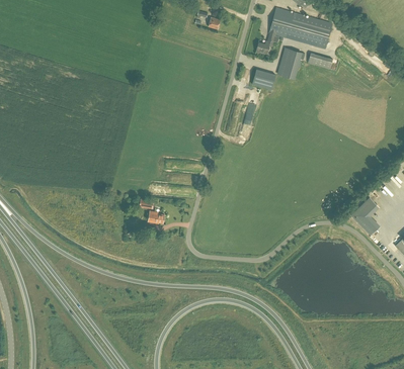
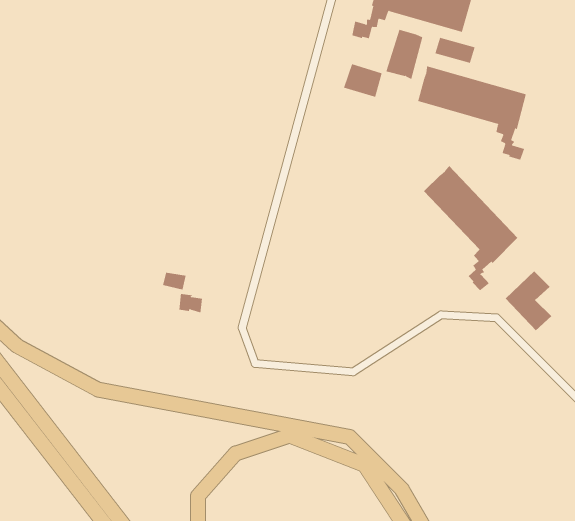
building: none -> [417,65,526,160]
building: none -> [423,165,518,291]

